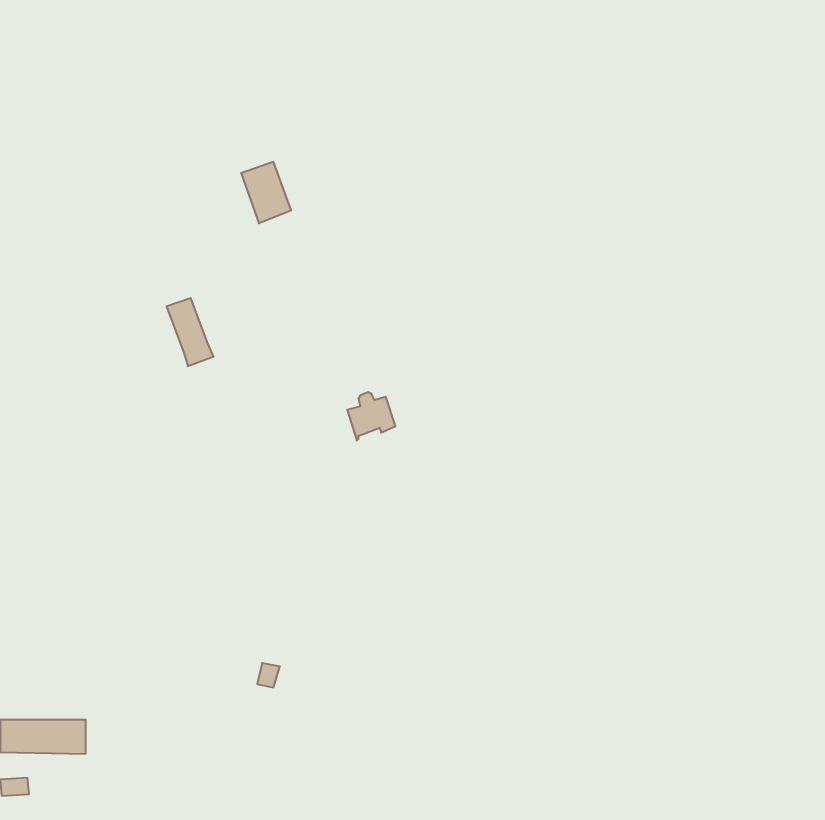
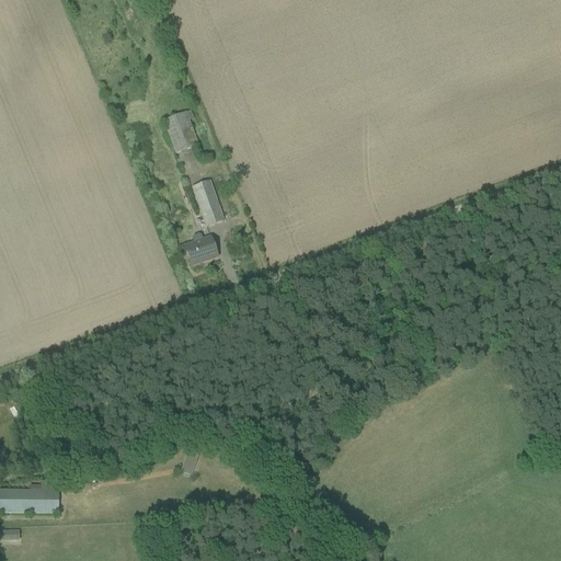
building: [167,298,214,366] -> [193,179,225,225]
building: [347,392,396,441] -> [185,231,218,264]

